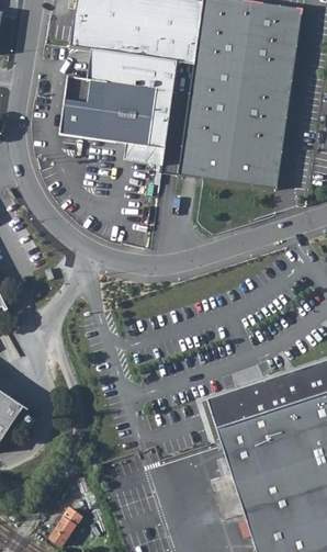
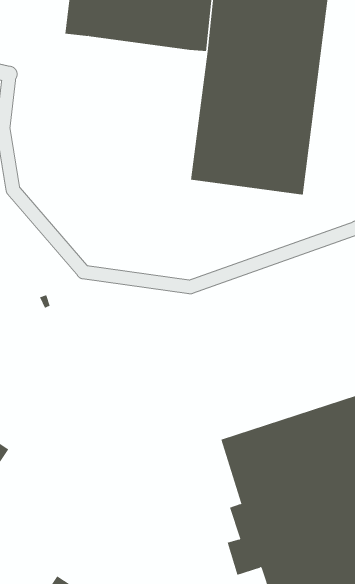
building: [61,47,180,147] -> none

